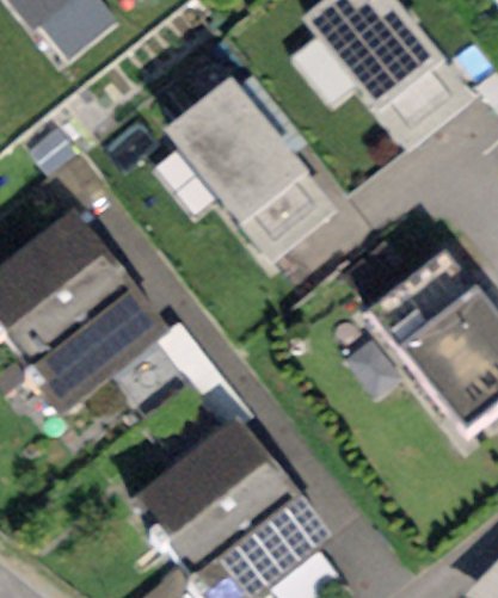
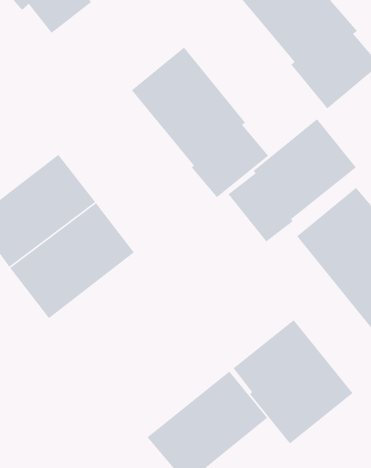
building: none -> [227,118,357,243]
building: none -> [233,319,354,444]
building: [134,414,287,559] -> none

